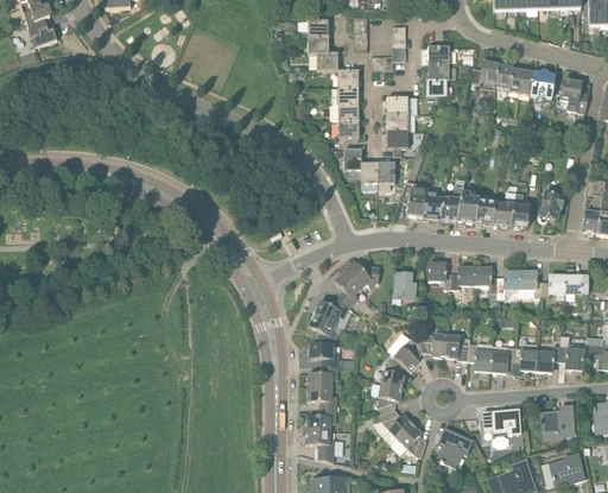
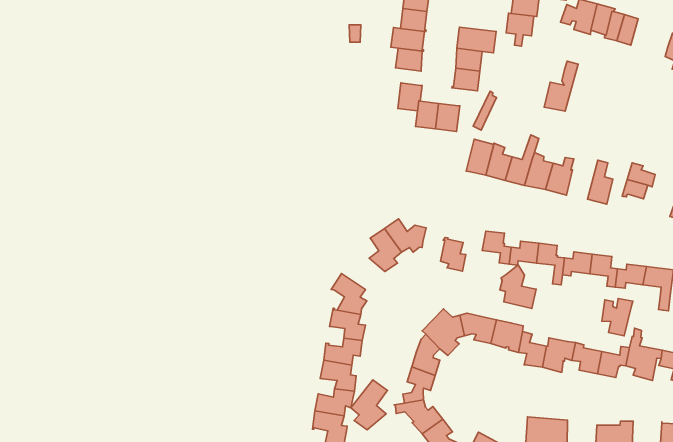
building: [531,70,556,102] -> none
building: [493,184,517,226] -> [544,61,578,111]
building: none -> [500,265,536,309]
building: [315,297,350,323] -> none
building: none -> [602,298,633,336]
building: none -> [351,380,388,430]

